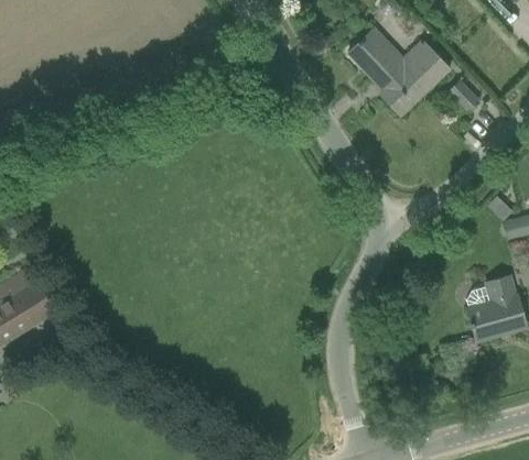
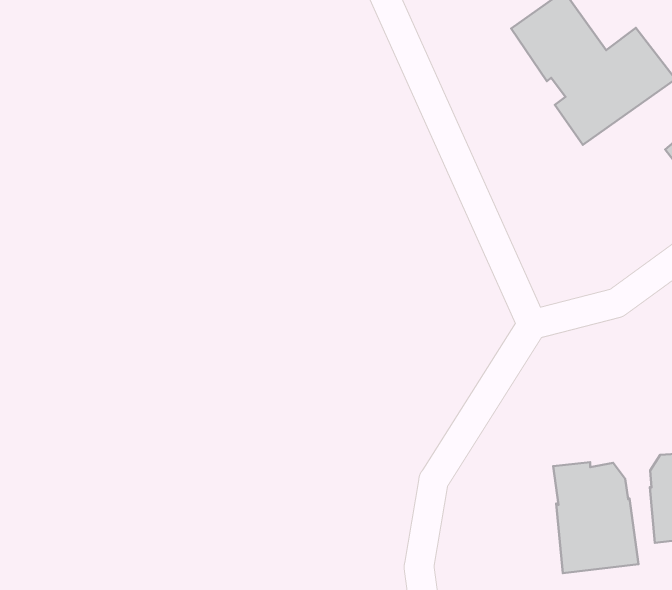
building: none -> [553,462,638,573]

